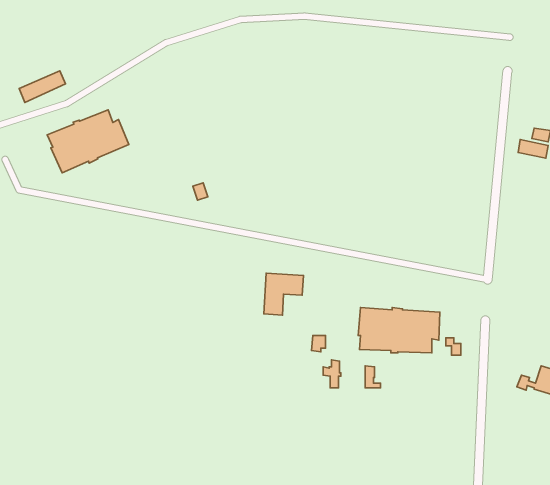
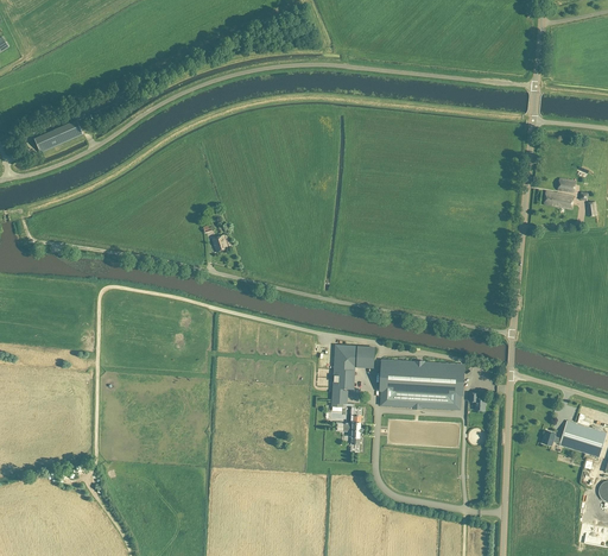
building: [47,110,129,173] -> none
building: [264,273,303,315] -> [332,345,373,387]

